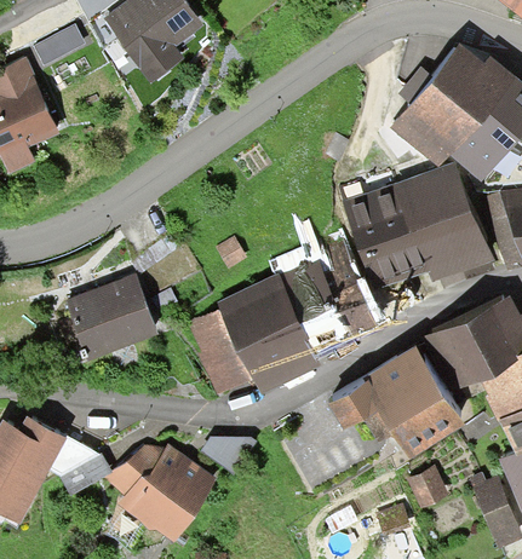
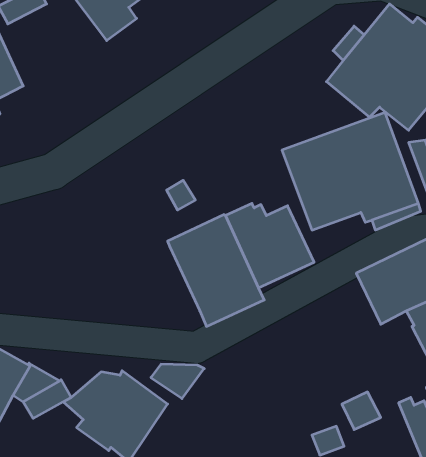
building: [64,275,159,359] -> none
building: [188,307,253,394] -> none
building: [326,347,464,457] -> none

